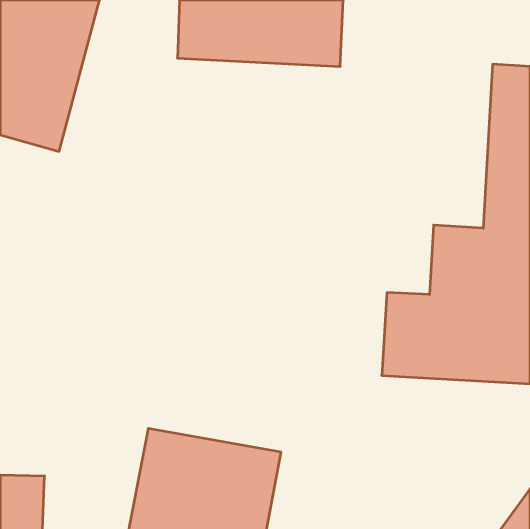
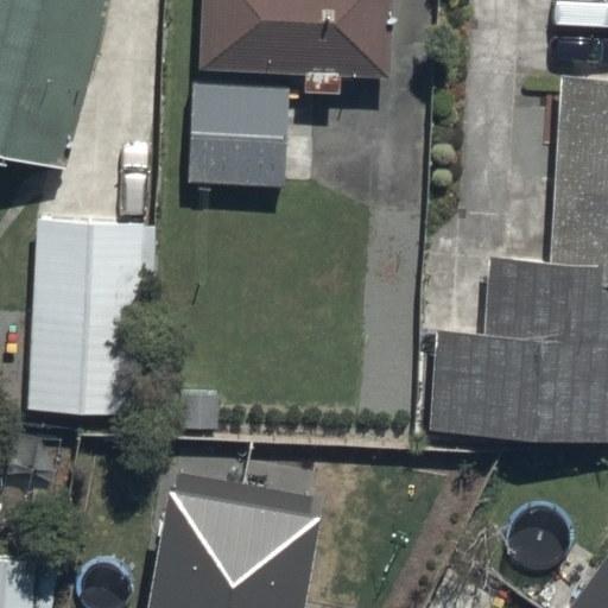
building: none -> [185,77,284,179]
building: none -> [26,214,153,405]

